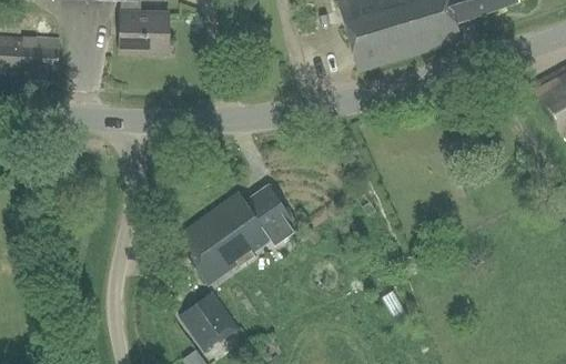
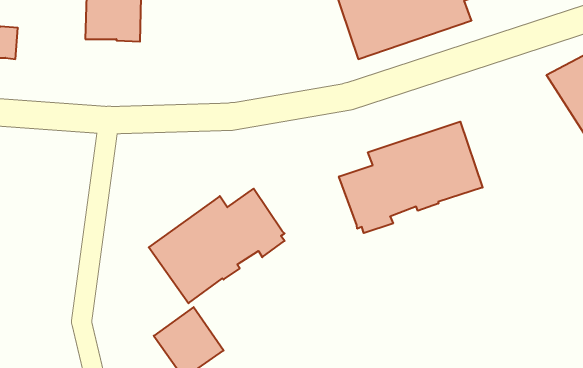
building: none -> [339,122,483,233]

